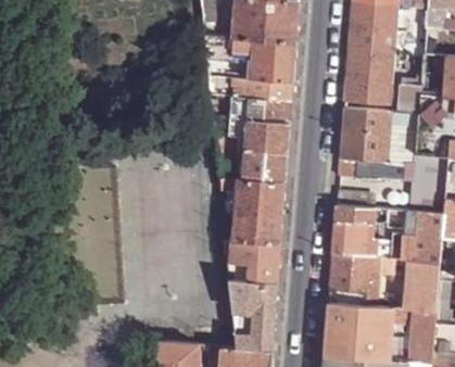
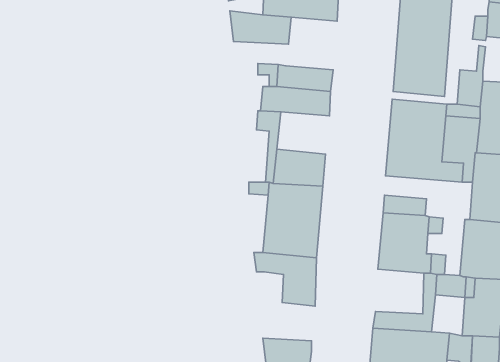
building: [253,39,296,84] -> none
building: [245,119,290,155] -> none
building: [329,253,370,291] -> none
building: [230,280,278,314] -> none

